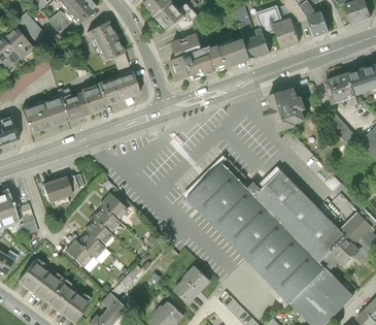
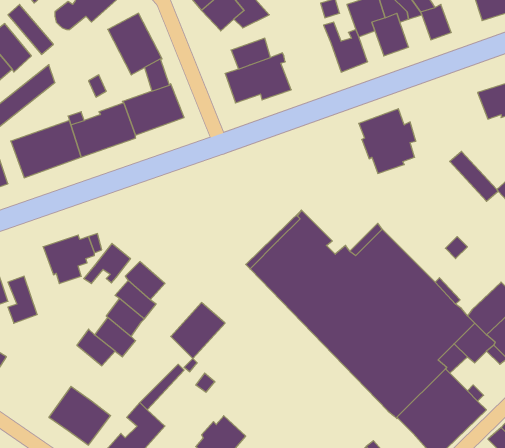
building: [209,39,251,72] -> none
building: [326,74,357,106] -> none
building: none -> [84,243,130,284]
building: [20,261,62,302] -> none
building: [174,266,212,305] -> [171,303,225,358]

